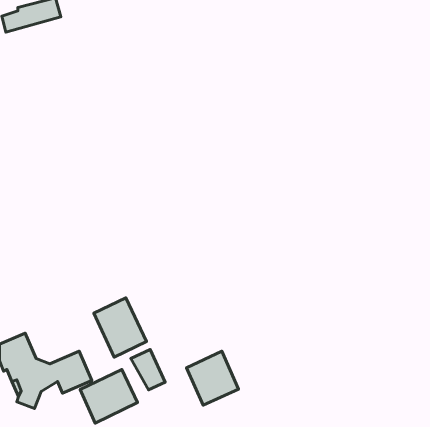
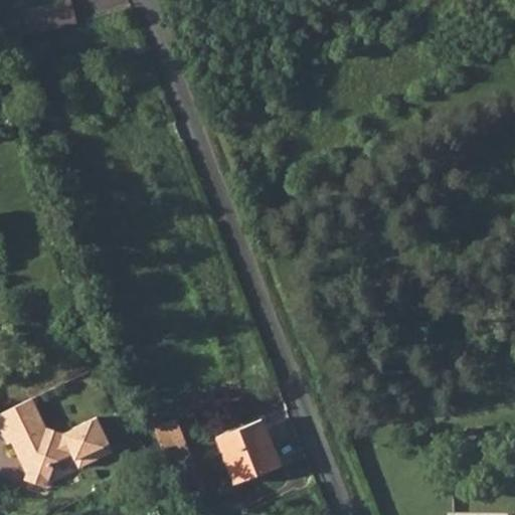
building: [94,298,147,357] -> none
building: [80,370,138,423] -> none

